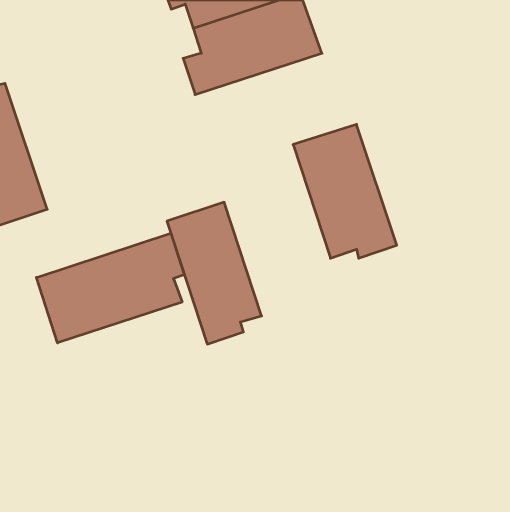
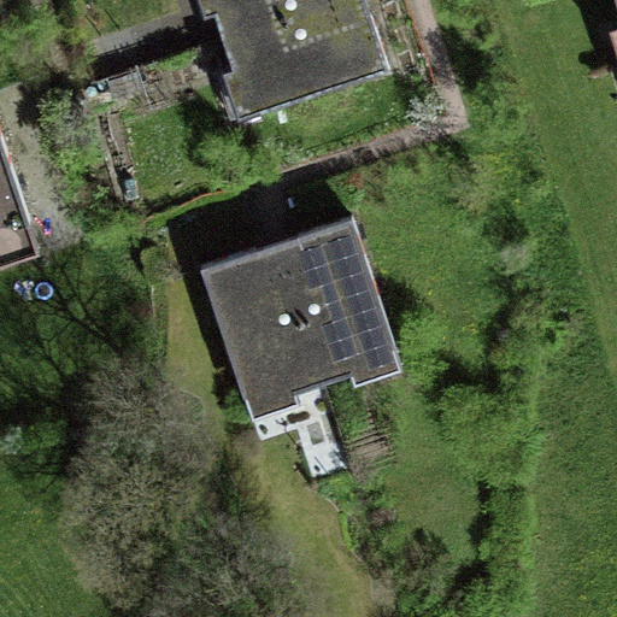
building: [293,124,397,258] -> [269,221,393,381]
building: [36,233,184,343] -> none

